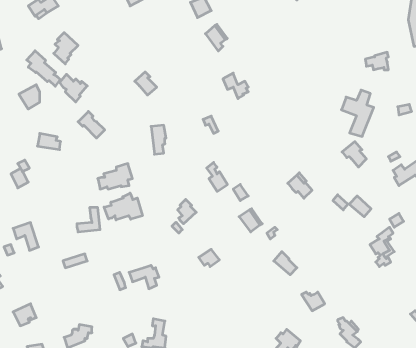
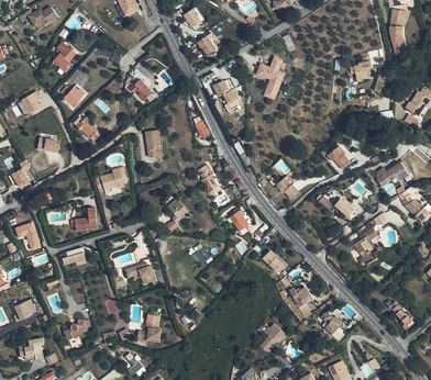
building: [27,51,60,86] -> none
building: [341,90,374,136] -> [254,56,285,100]
building: [104,193,142,220] -> none

